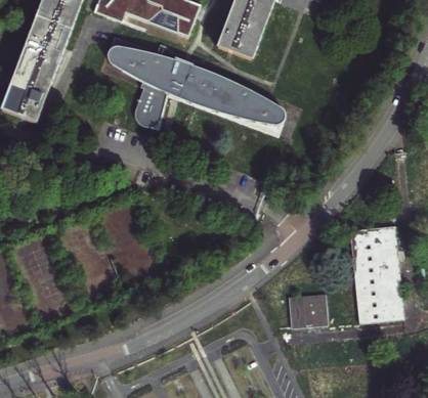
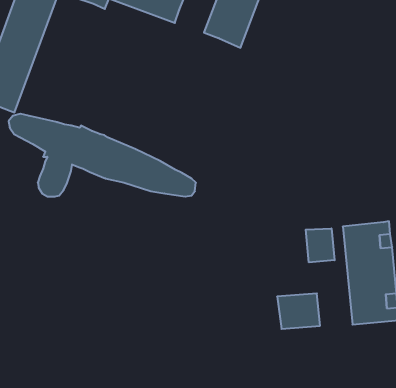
building: [108,45,286,124] -> [9,114,196,197]
building: none -> [306,228,335,262]

